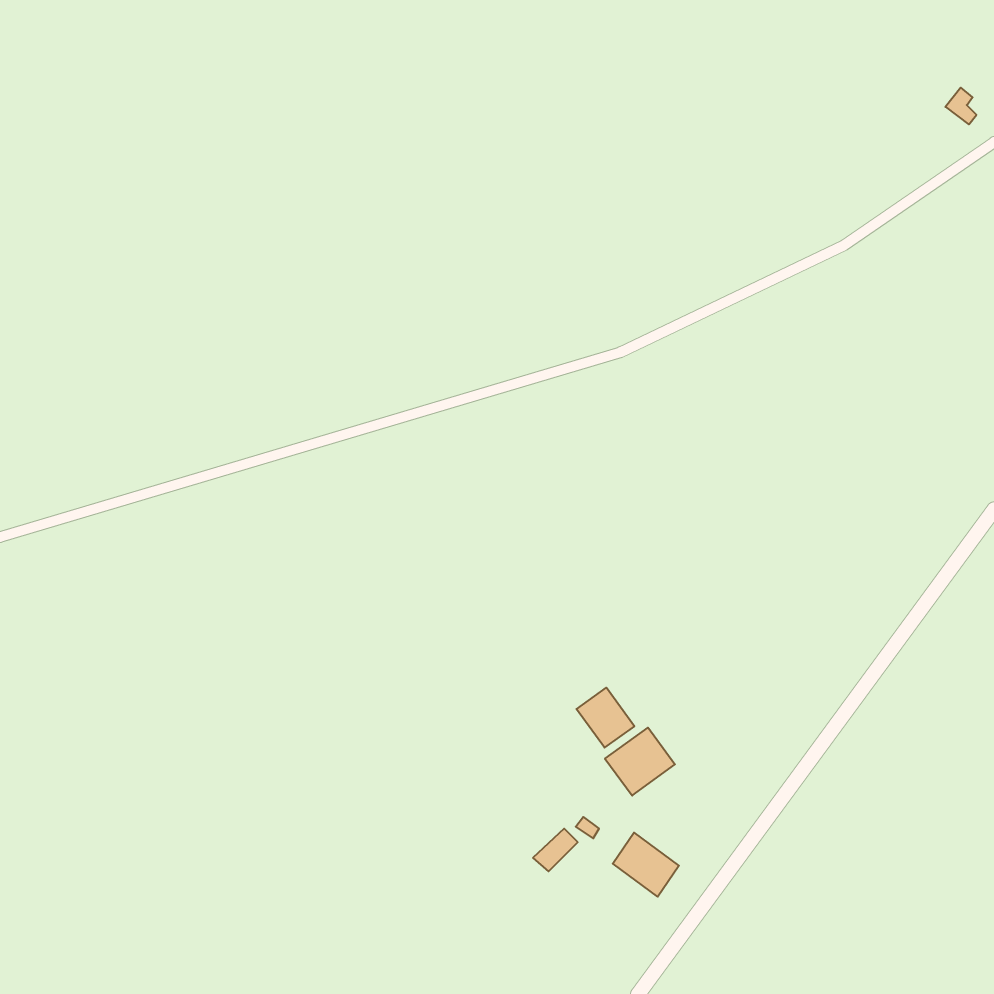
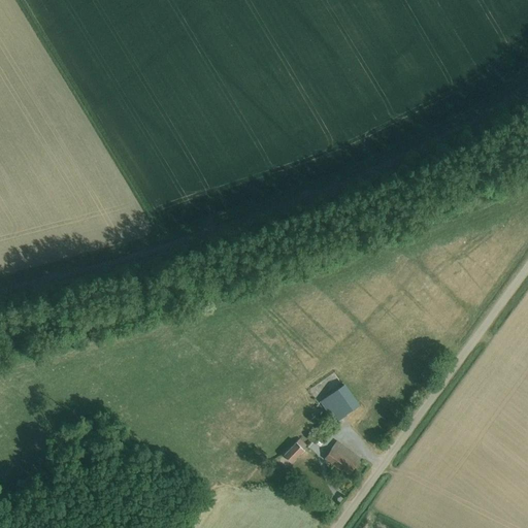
building: [576,688,634,748] -> none

